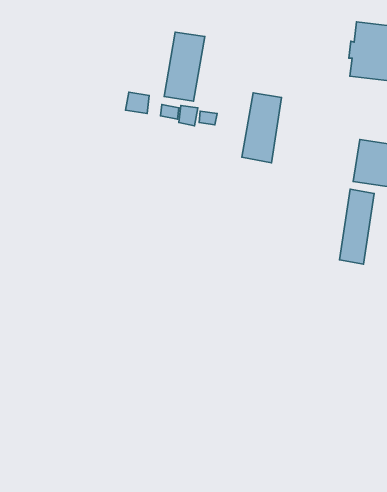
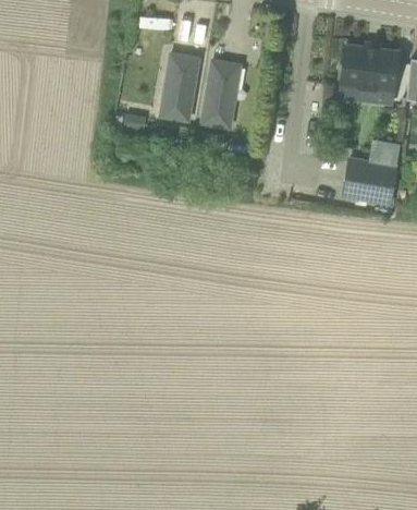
building: [242,93,282,163] -> [201,61,240,129]
building: [339,189,374,264] -> none

